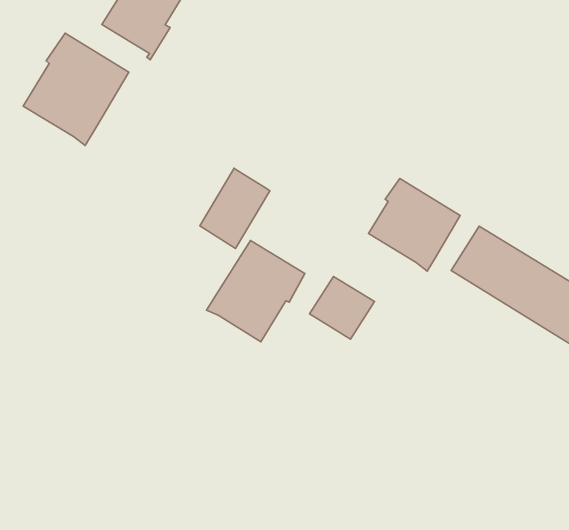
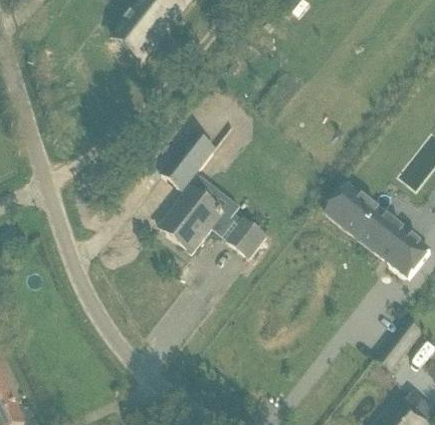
building: [23,33,129,146] -> none
building: [369,178,460,271] -> none

